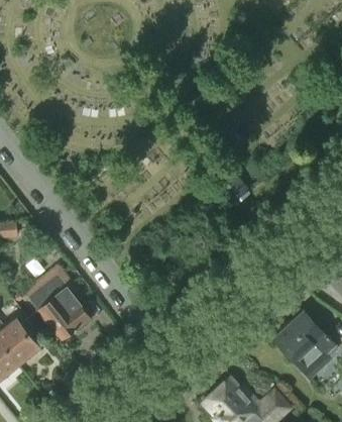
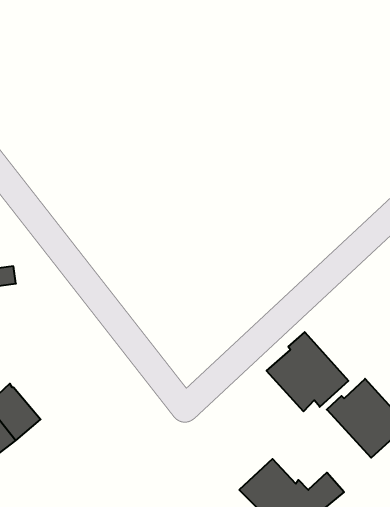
building: [23,263,91,339] -> none
building: none -> [267,332,348,411]

